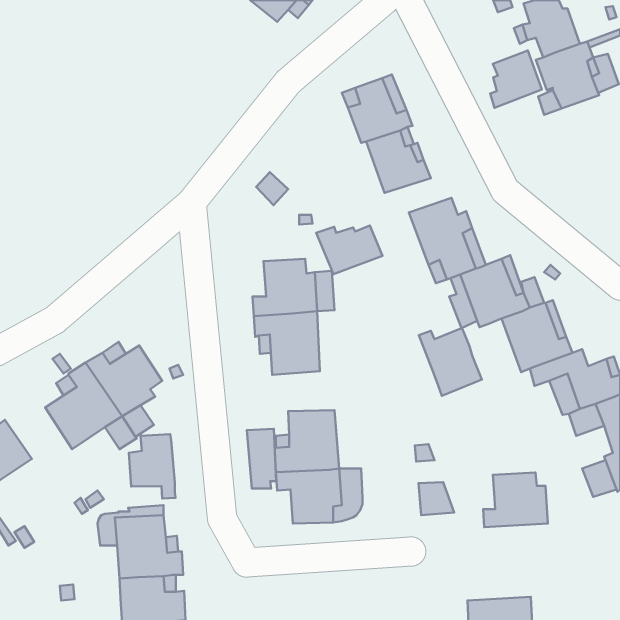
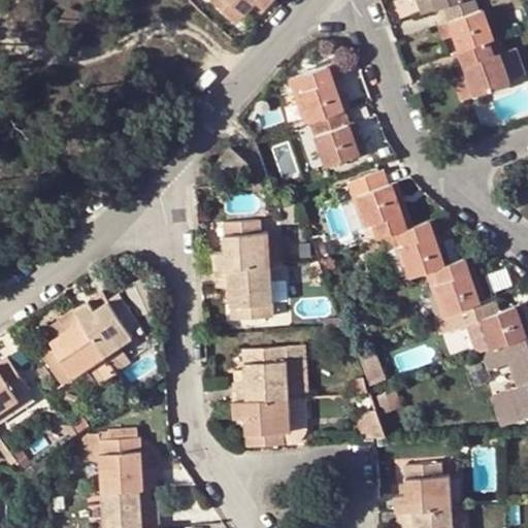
building: [490,50,542,108] -> none
building: [316,225,382,274] -> none
building: [419,328,482,396] -> none
building: [247,429,276,489] -> [283,349,307,399]
building: [129,434,176,499] -> none
building: [483,472,548,527] -> [394,464,449,510]

